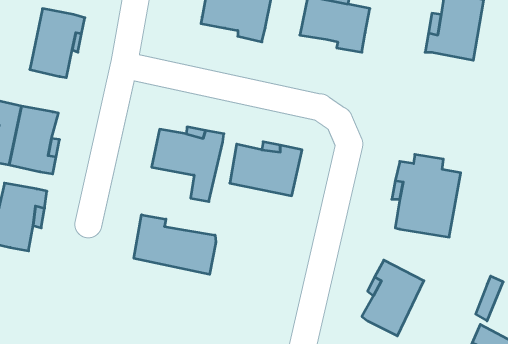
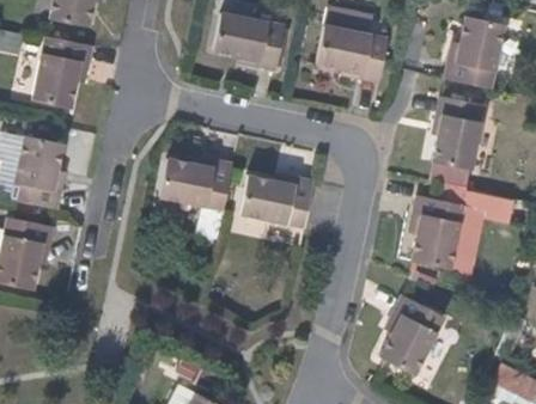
building: none -> [434,97,486,169]
building: [134,215,216,274] -> none

